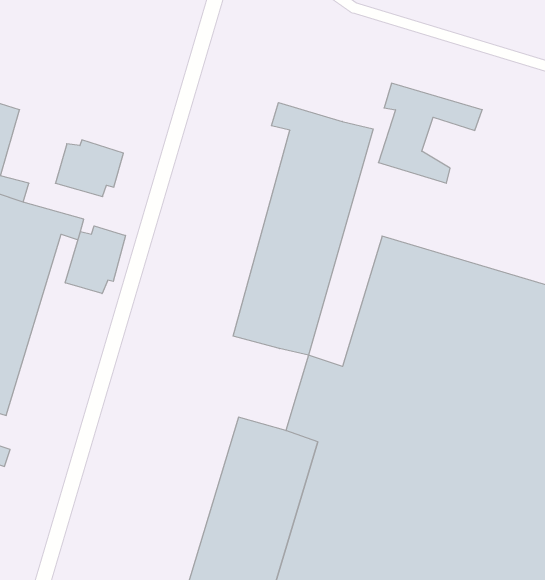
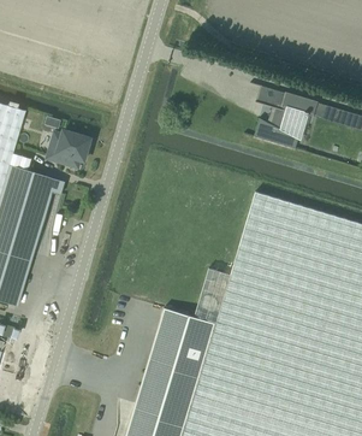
building: [233,103,373,355] -> none
building: [65,226,125,294] -> none

